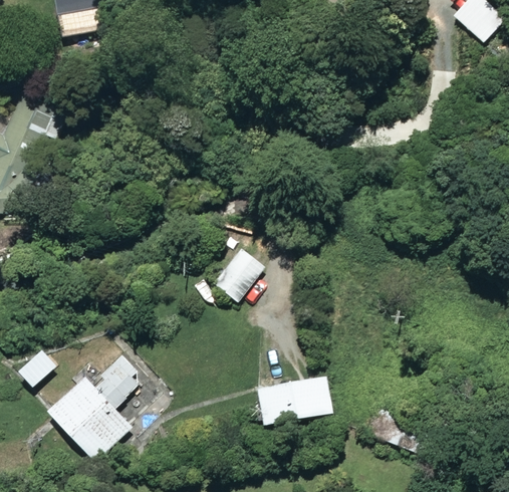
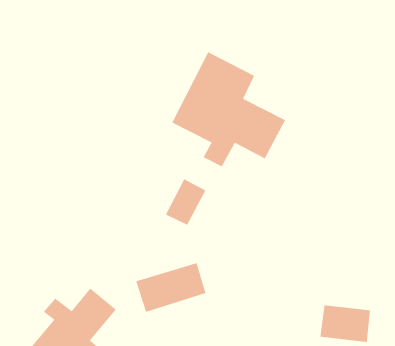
building: none -> [171,51,286,167]
building: [258,378,333,426] -> [135,262,206,313]

